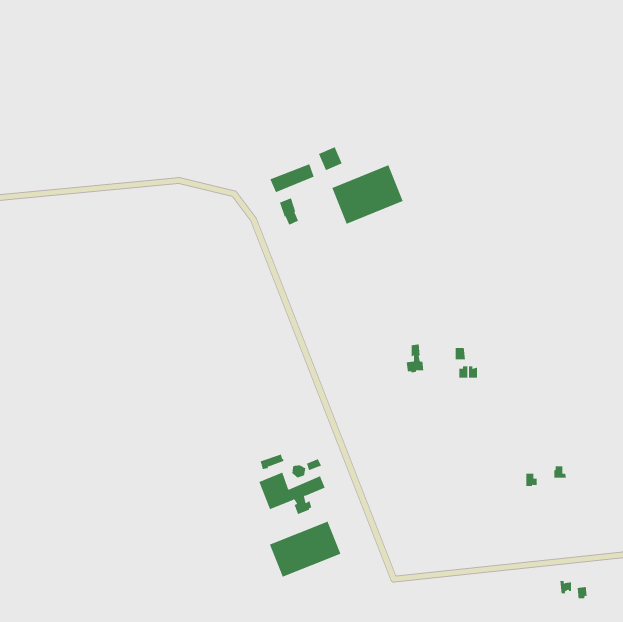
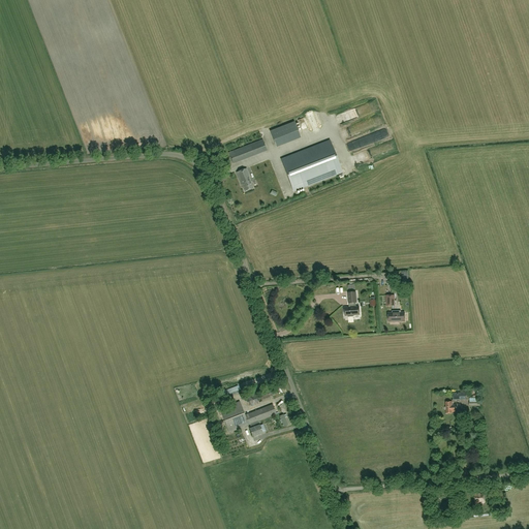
building: [269,521,341,578] -> none

